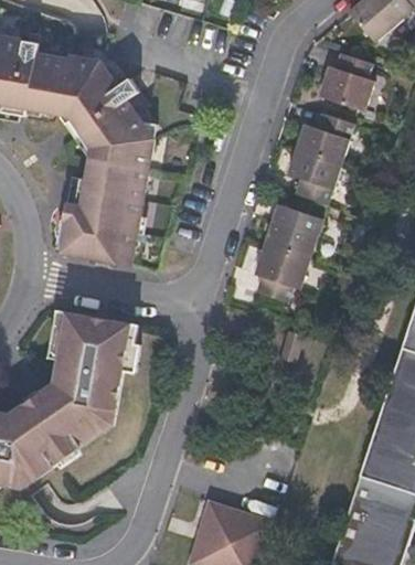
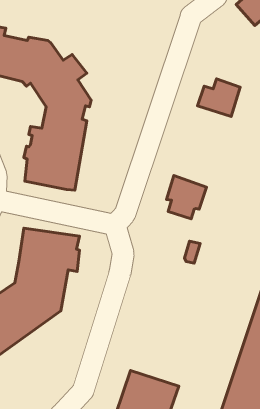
building: [321,51,374,109] -> none
building: [290,148,343,203] -> none
building: [266,202,323,257] -> none

